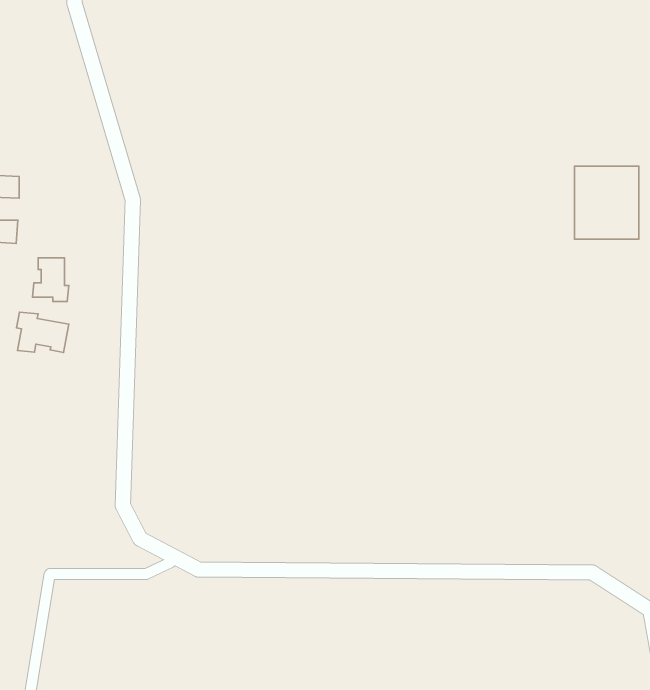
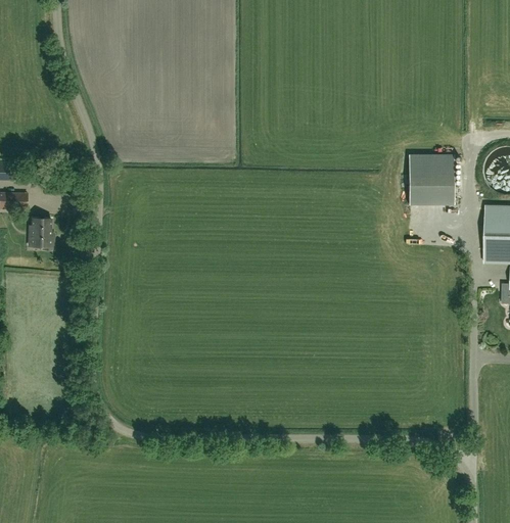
building: [17,312,69,352] -> none

